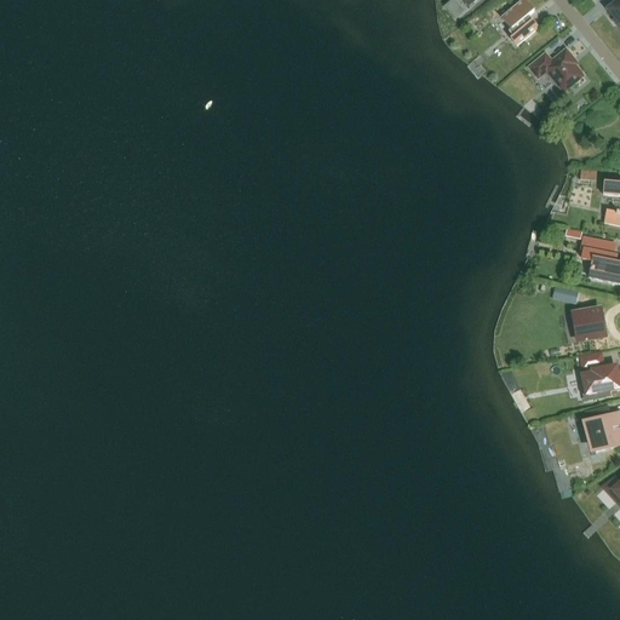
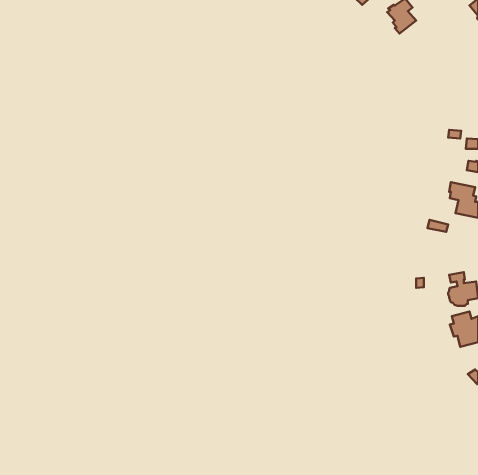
building: [529,48,582,87] -> none
building: [576,306,605,338] -> none

